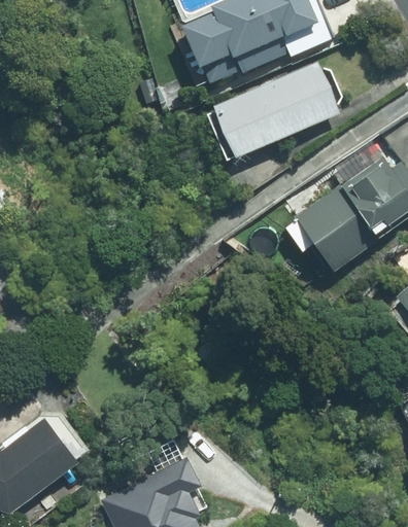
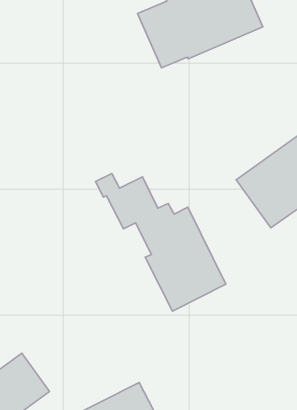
building: [217,64,339,156] -> none
building: none -> [96,174,226,311]

